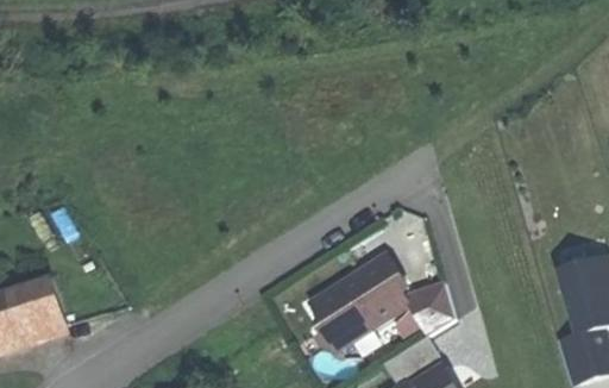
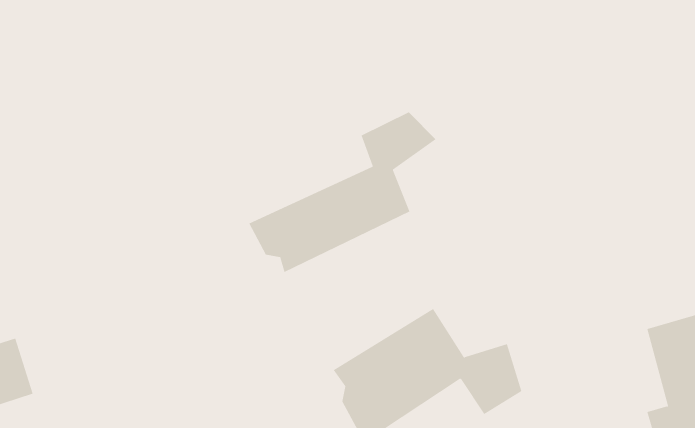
building: none -> [248,112,436,273]

